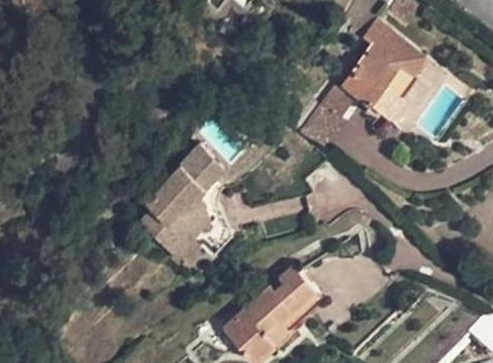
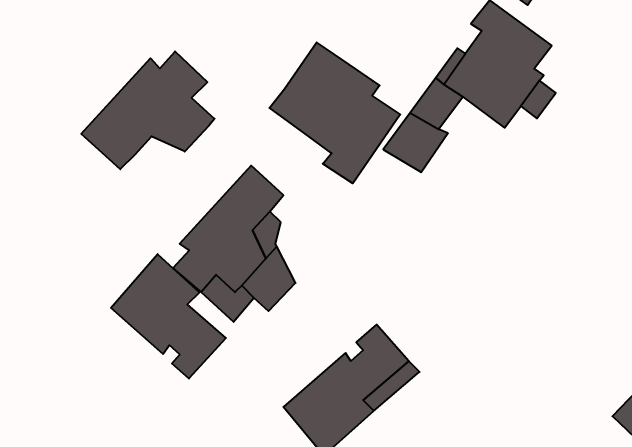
building: none -> [269,42,400,183]
building: none -> [81,51,215,169]
building: none -> [111,254,226,379]

